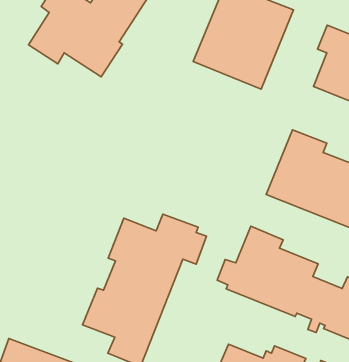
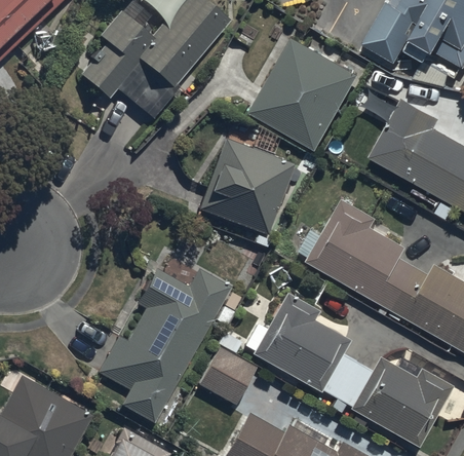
building: none -> [198,141,293,236]
building: none -> [198,332,256,406]

